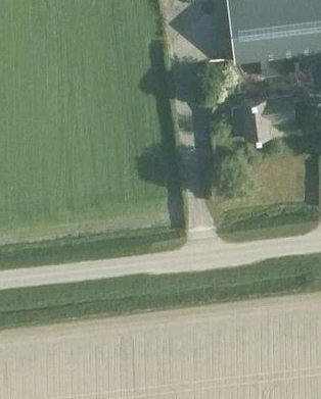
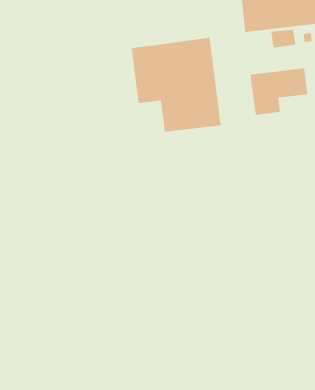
building: none -> [131,37,222,133]

